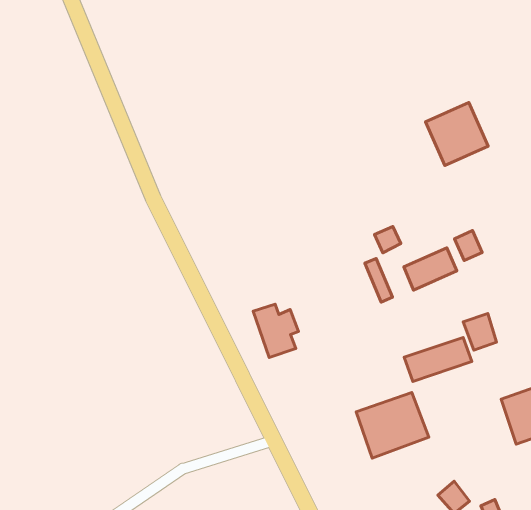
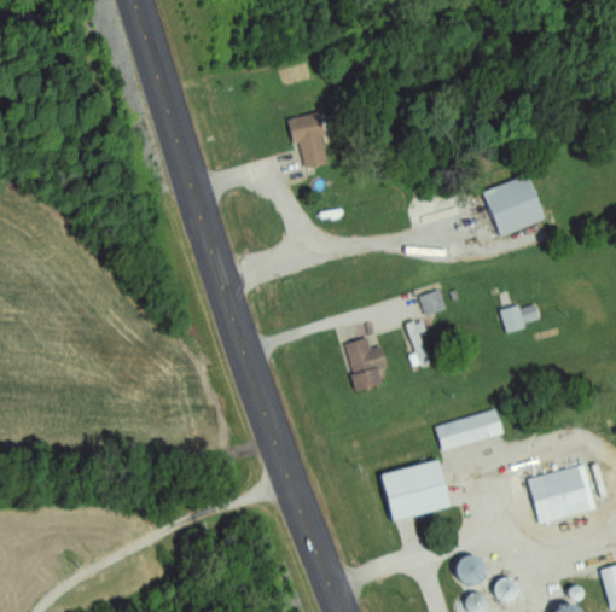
building: none -> [287,112,327,167]
building: [404,248,457,290] -> none
building: [253,304,299,357] -> [344,338,388,391]
building: [463,314,497,350] -> none

